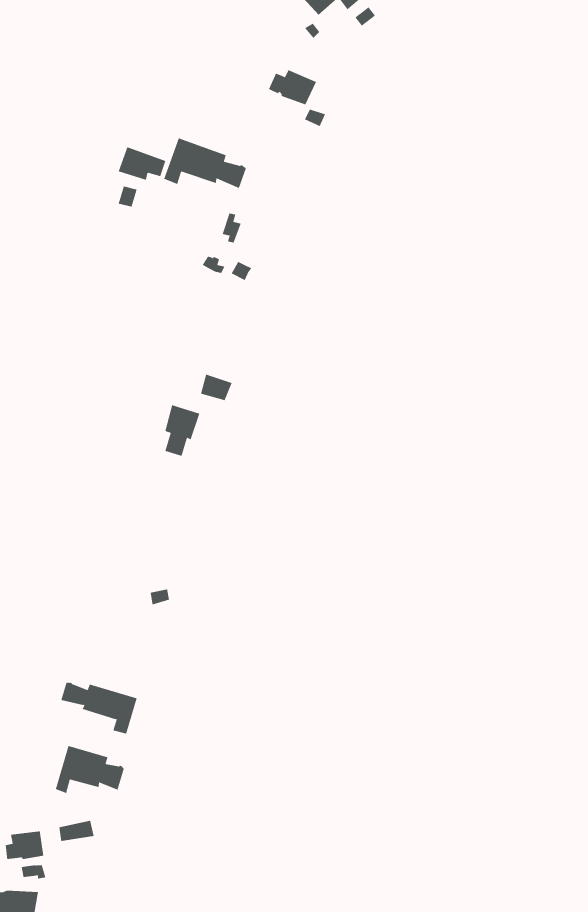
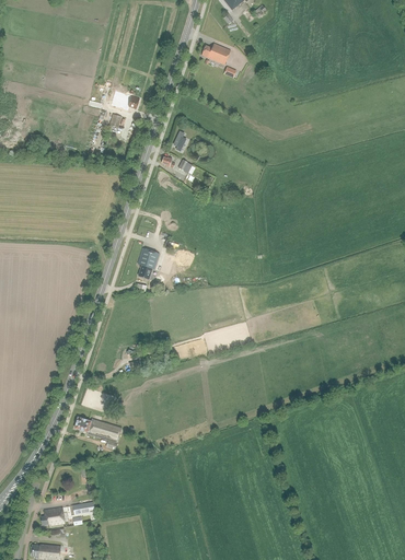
building: [164,138,247,189] -> none
building: [55,745,124,794] -> none

